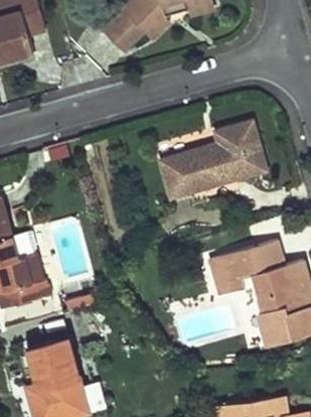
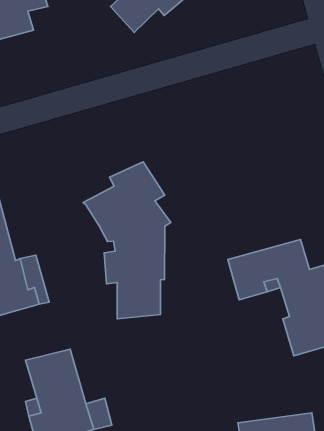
building: [160,123,265,196] -> none
building: none -> [83,162,171,319]

